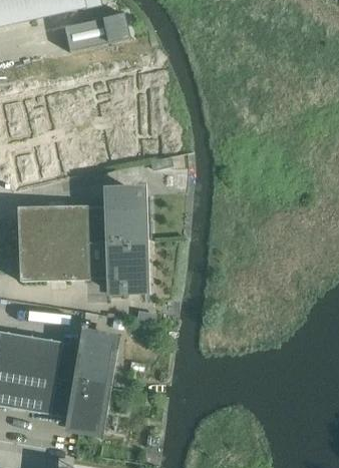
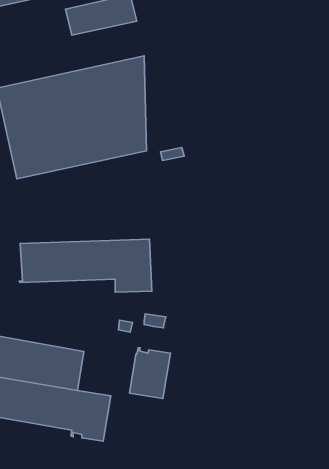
building: [19,192,142,245] -> none
building: [75,339,113,386] -> [129,348,170,398]

